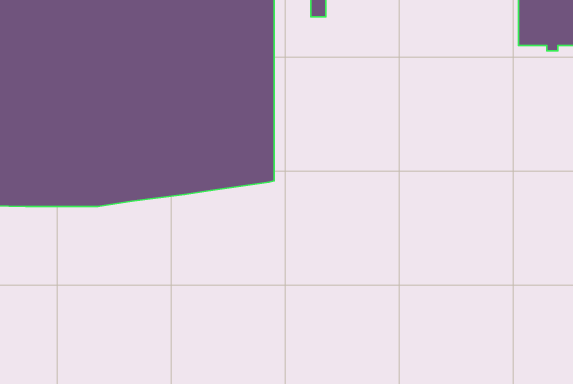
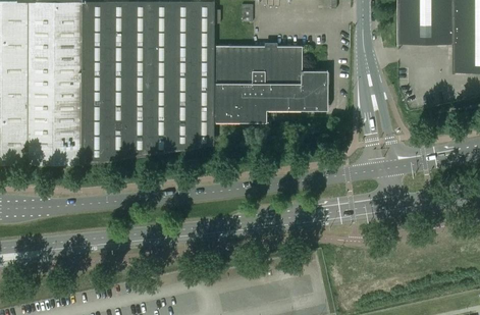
building: none -> [215,46,330,122]

